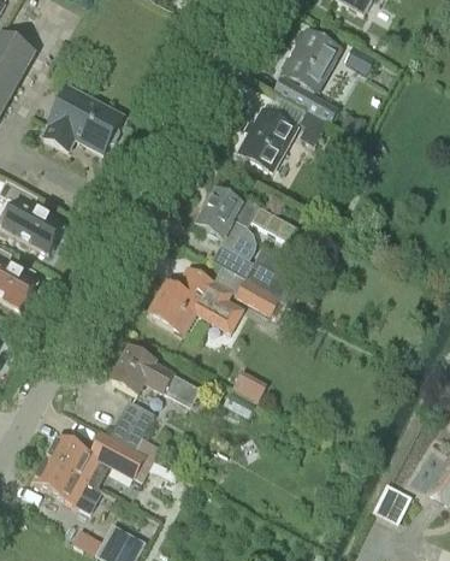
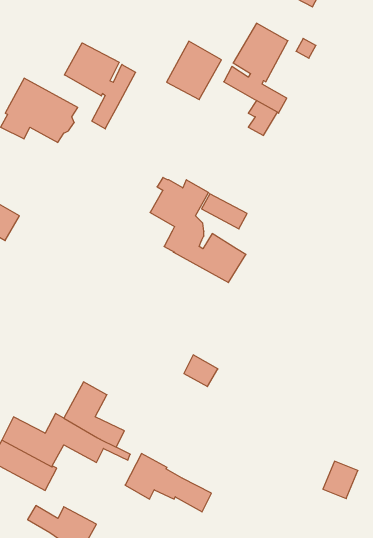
building: none -> [64,43,136,129]
building: [238,110,295,170] -> [167,41,221,100]
building: [148,266,278,333] -> none
building: [111,347,200,407] -> [125,454,211,512]

